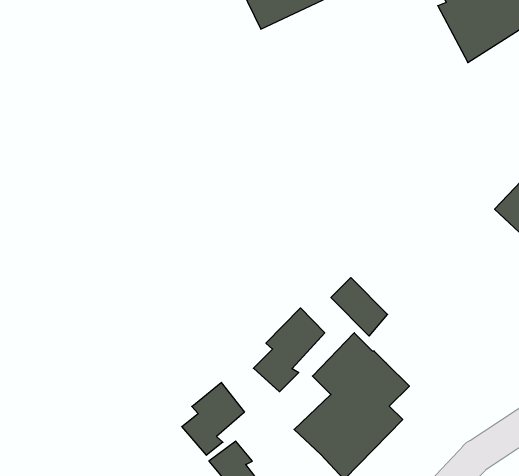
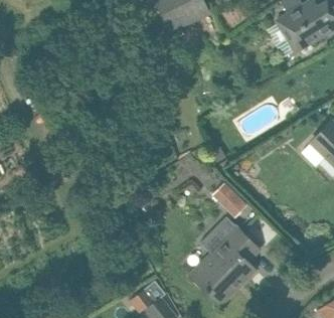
building: [253,308,325,392] -> none
building: [182,382,244,455] -> none

